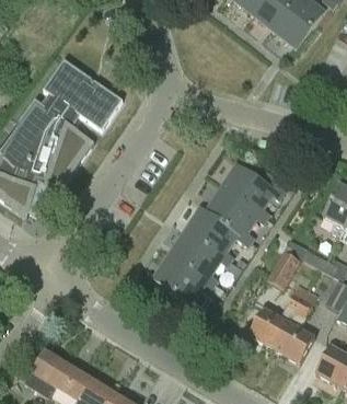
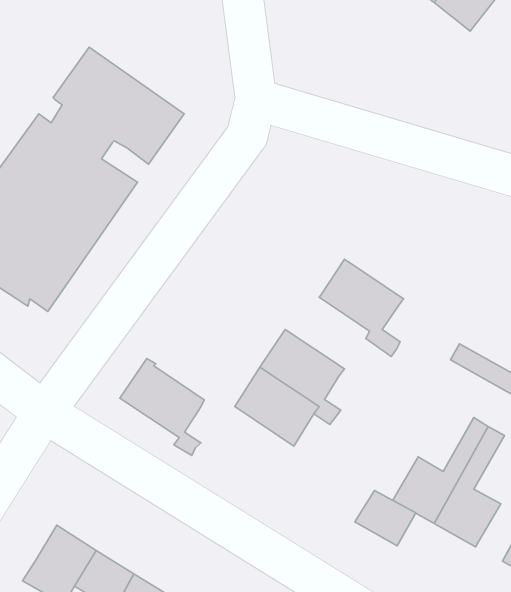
building: [220,163,285,222] -> none
building: [184,206,235,265] -> [120,358,204,456]
building: [267,251,301,290] -> none
building: none -> [355,490,416,546]

